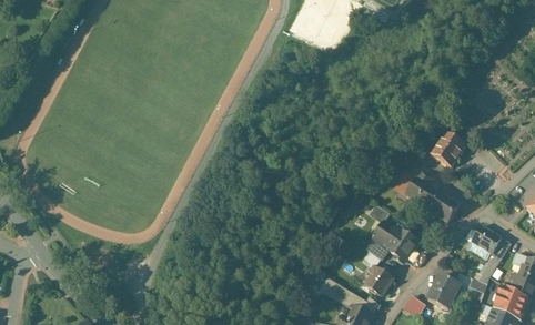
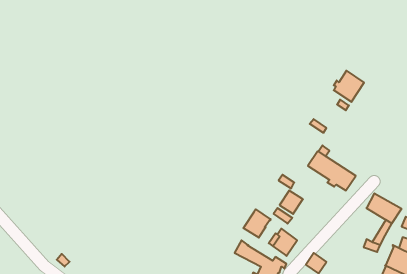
building: [431,132,465,167] -> [334,71,364,102]
building: [386,228,417,261] -> [243,209,271,238]
building: [427,274,458,309] -> none

